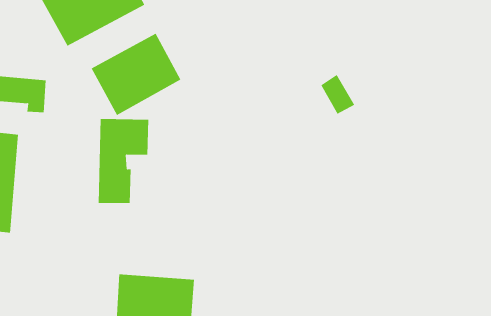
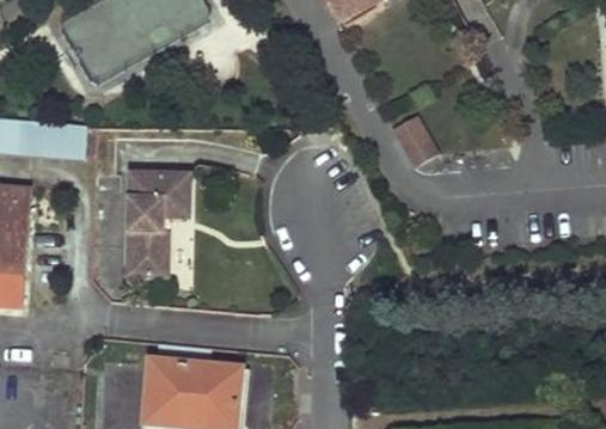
building: [91,33,181,116] -> none

